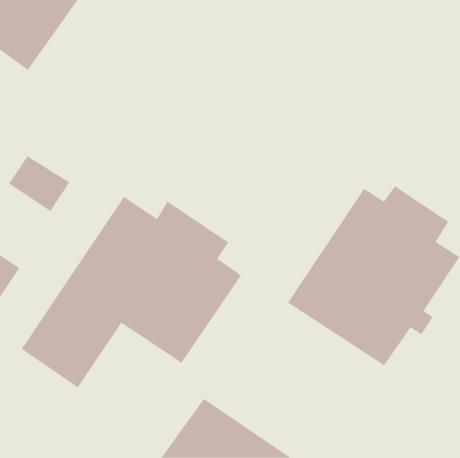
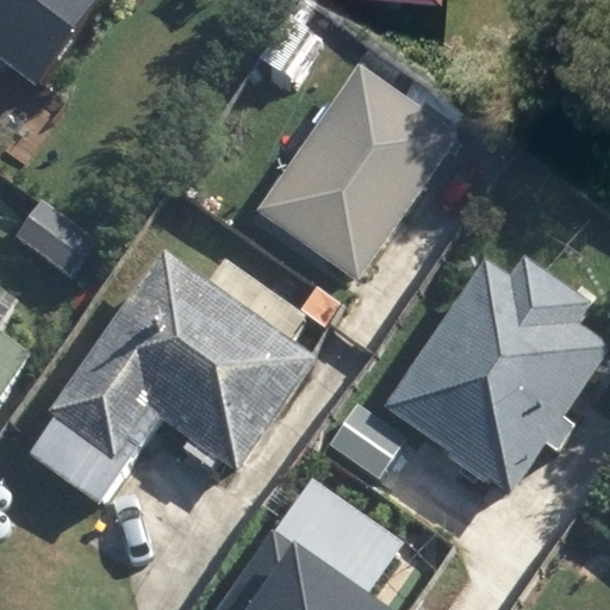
building: none -> [256,70,458,281]

